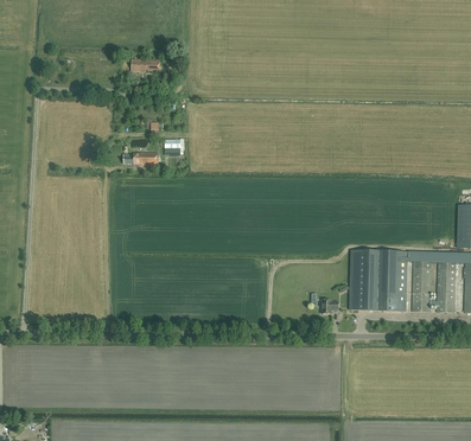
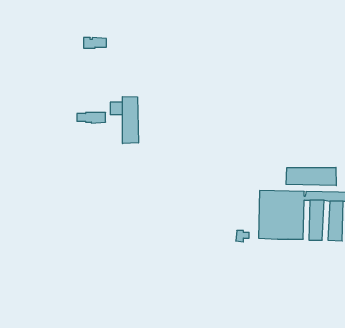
building: none -> [123,97,138,144]
building: none -> [286,167,336,186]

